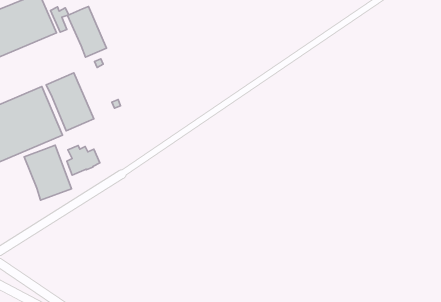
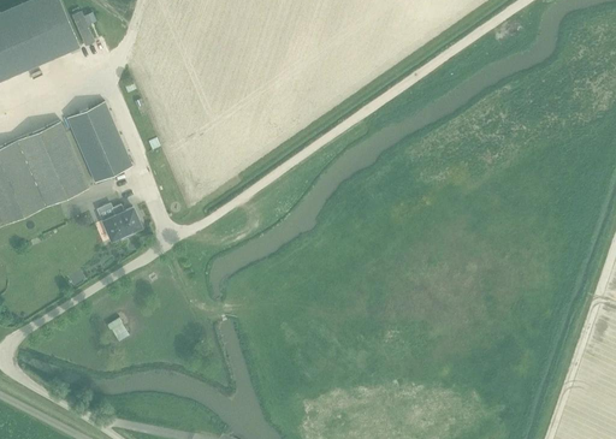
building: [67,6,107,57] -> none
building: [24,145,72,200] -> none

